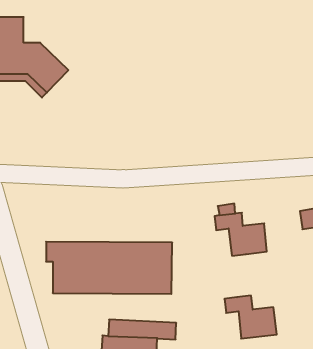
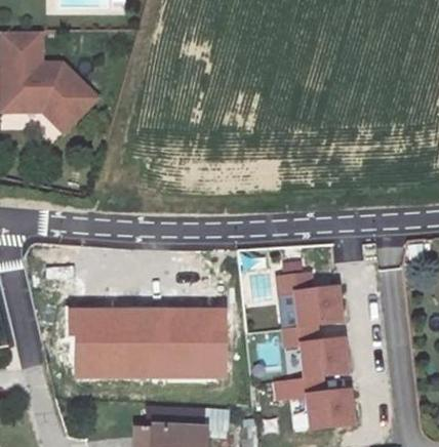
building: none -> [283,325,348,378]

